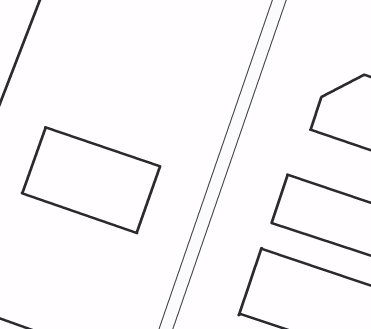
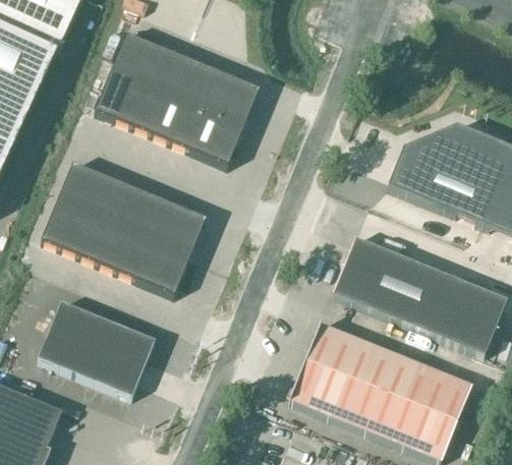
building: none -> [93,32,258,164]
building: none -> [37,301,154,396]

